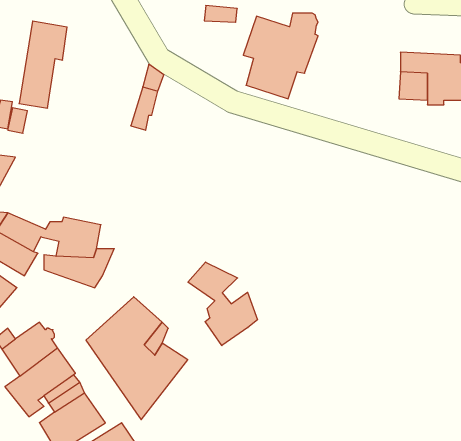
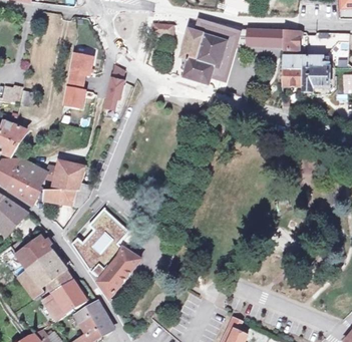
building: none -> [237,28,301,47]
building: [19,21,67,108] -> [62,49,94,107]
building: [188,262,257,346] -> none

